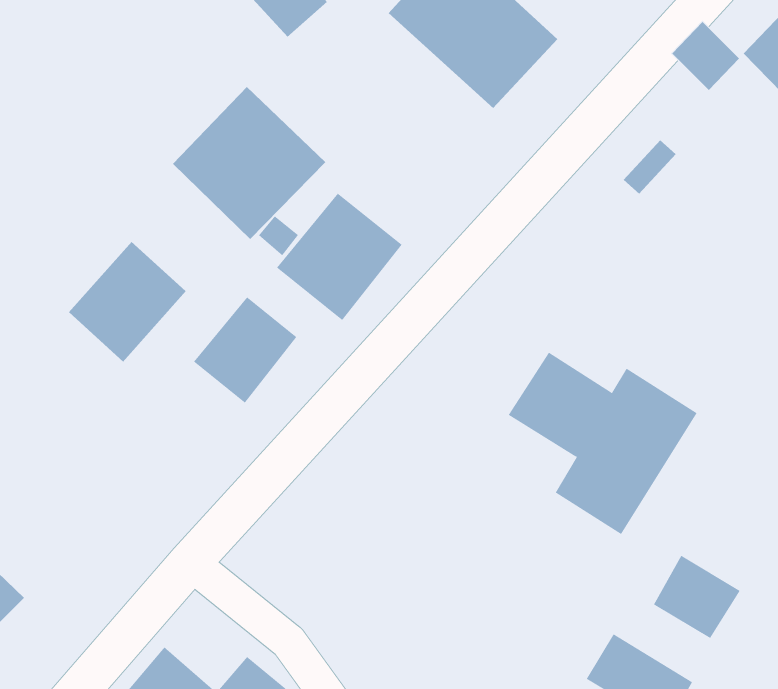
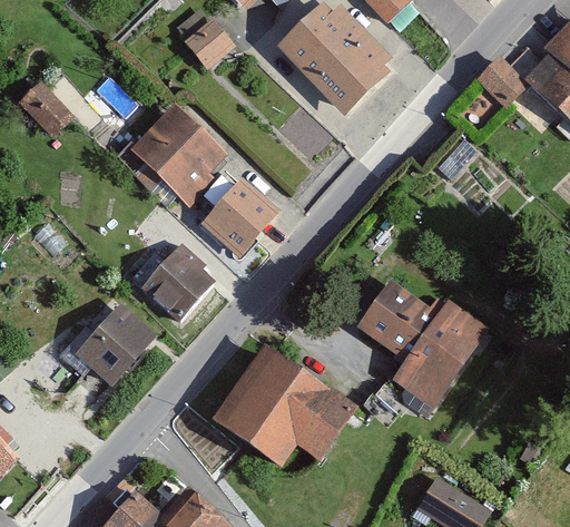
building: none -> [17,81,77,138]
building: [68,241,187,363] -> [73,305,155,389]
building: none -> [210,343,338,456]
building: [653,555,740,639] -> none

